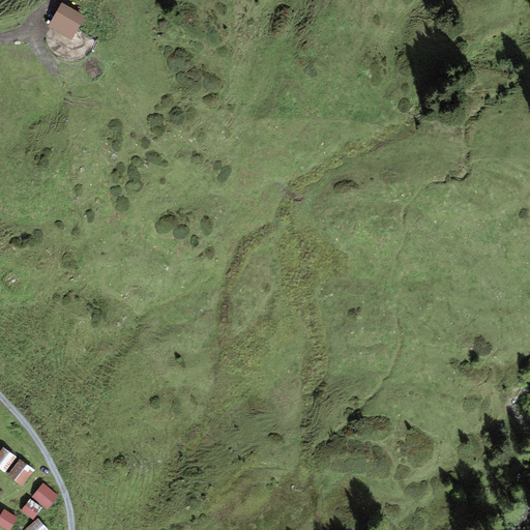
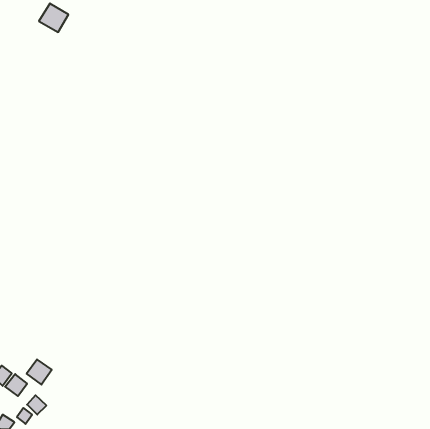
building: none -> [27,359,52,385]

